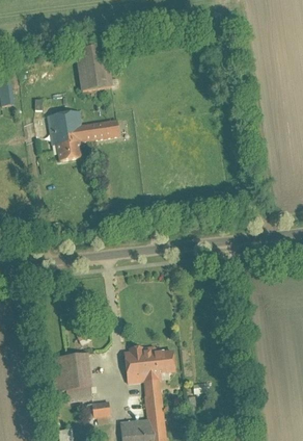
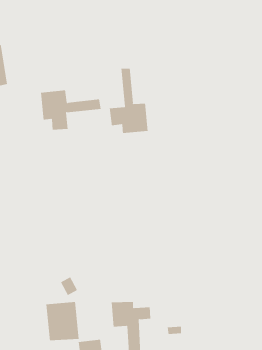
building: [74,44,105,90] -> none
building: none -> [109,68,148,134]

